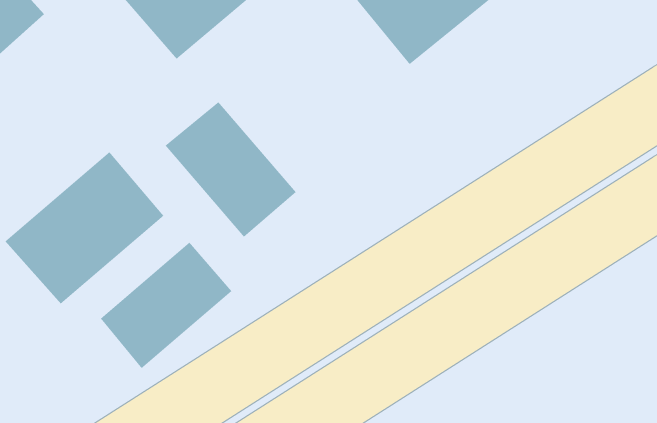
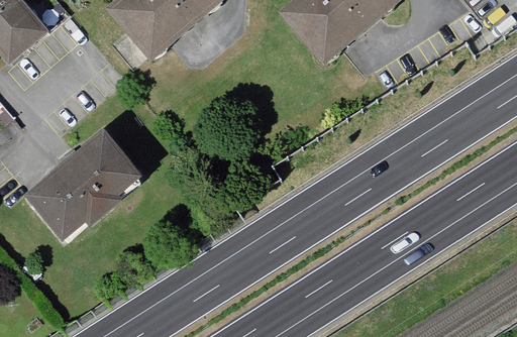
building: [165,101,297,238] -> none
building: [100,241,232,369] -> none

